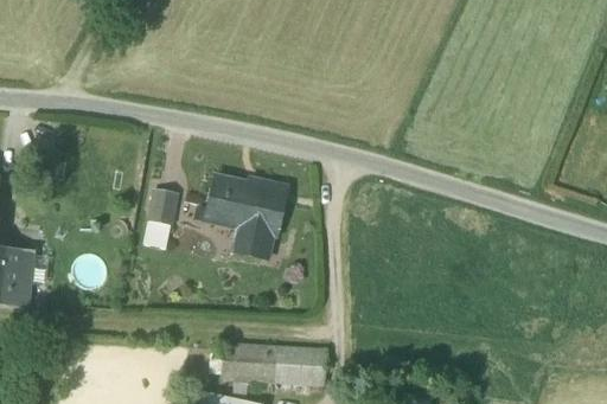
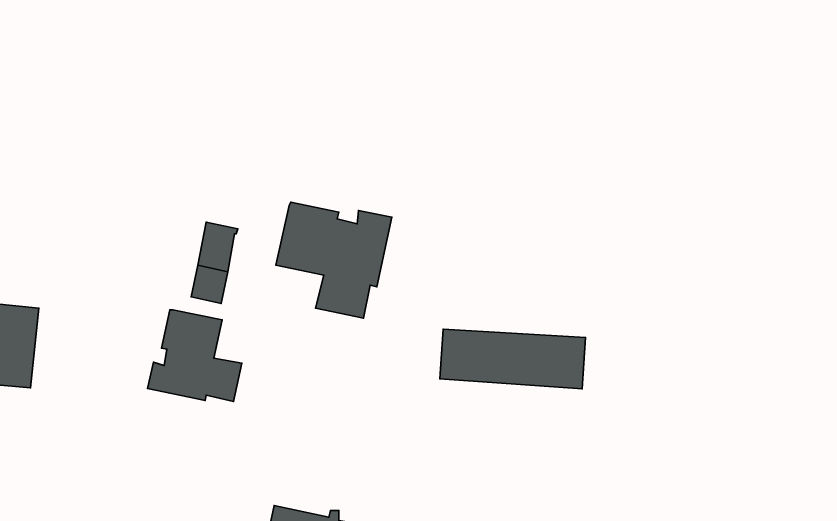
building: none -> [148,310,242,401]
building: [222,342,326,385] -> [440,329,586,389]

